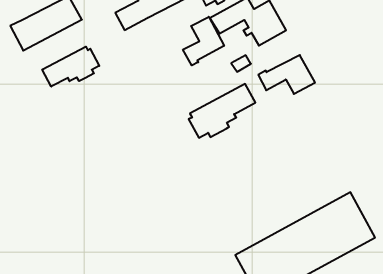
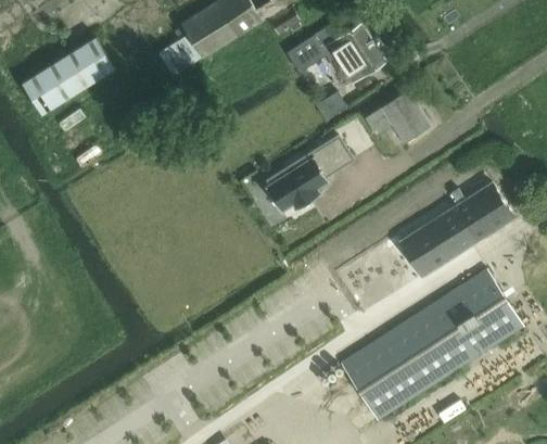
building: [183,17,224,65] -> none
building: [42,47,99,87] -> none
building: none -> [384,183,513,278]

